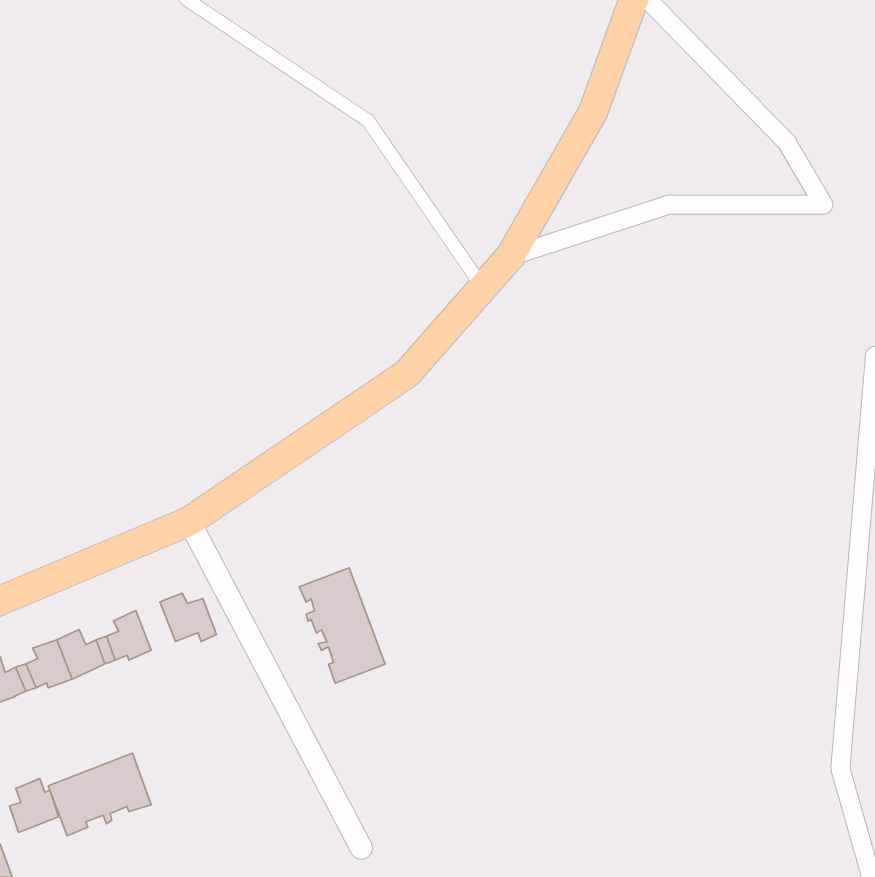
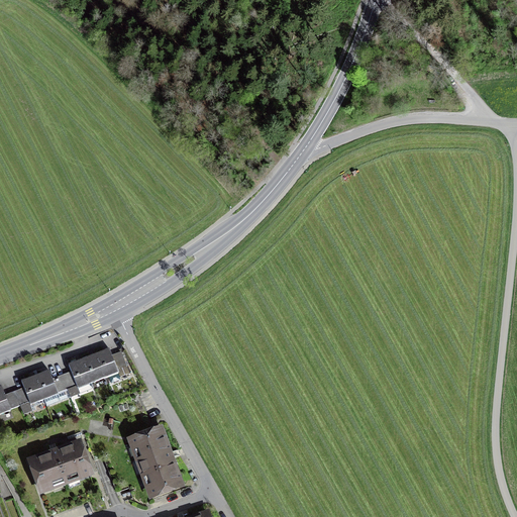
building: [299,568,385,683] -> [128,428,179,496]
building: none -> [80,353,103,382]
building: [10,778,59,832] -> none

